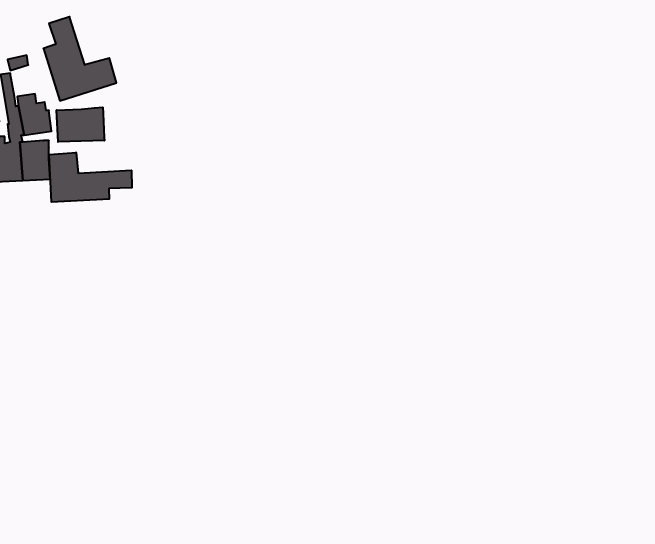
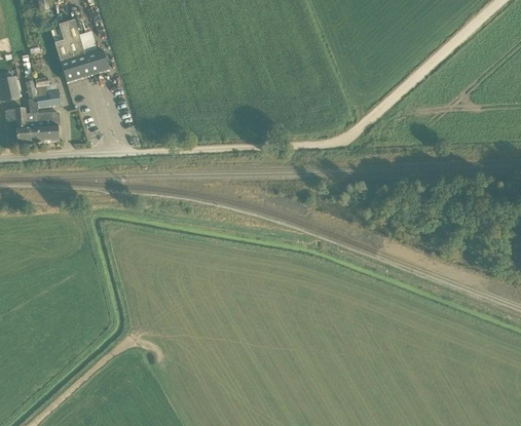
building: [57,107,104,142] -> none
building: [49,152,132,202] -> none

